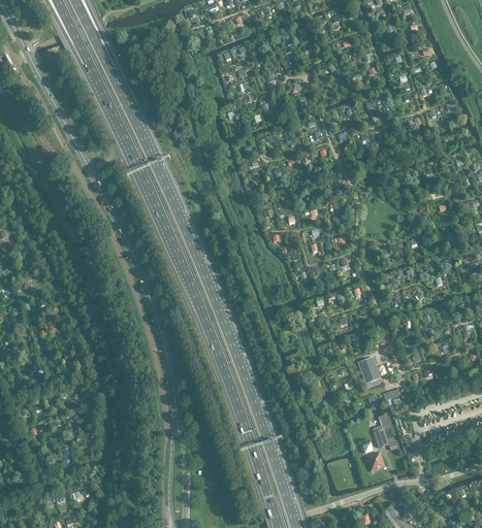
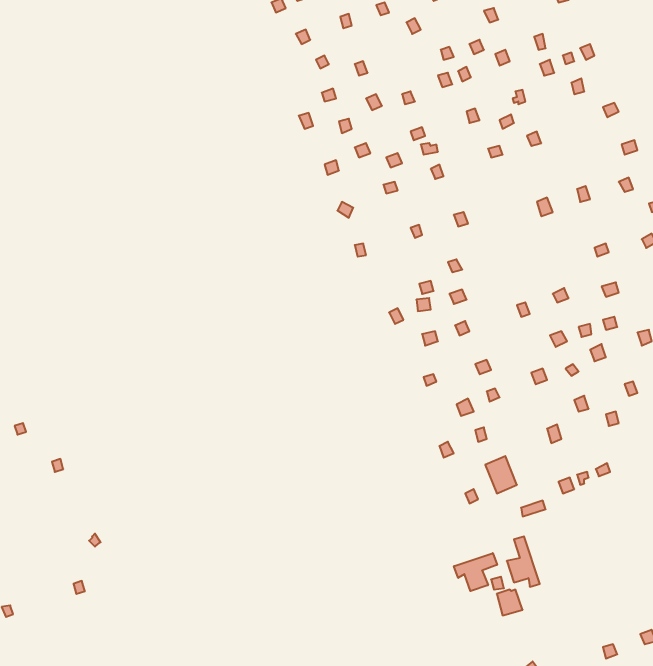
building: none -> [454,553,497,591]

